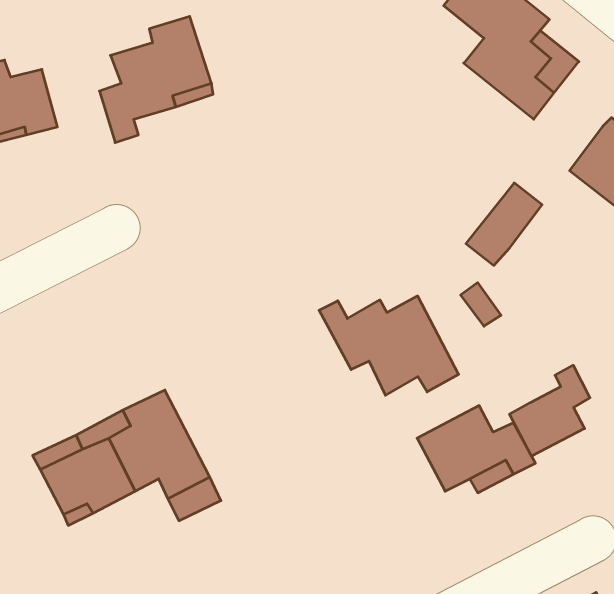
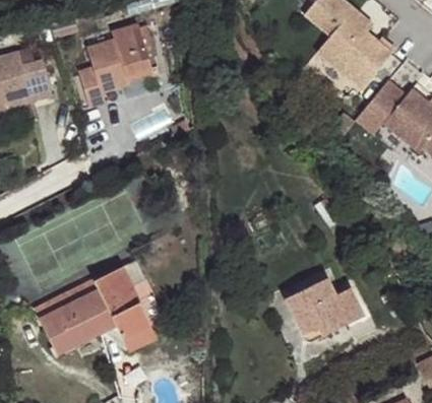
building: [466,183,542,265] -> [357,81,407,135]
building: [319,296,459,395] -> none
building: [510,365,590,456] -> none

